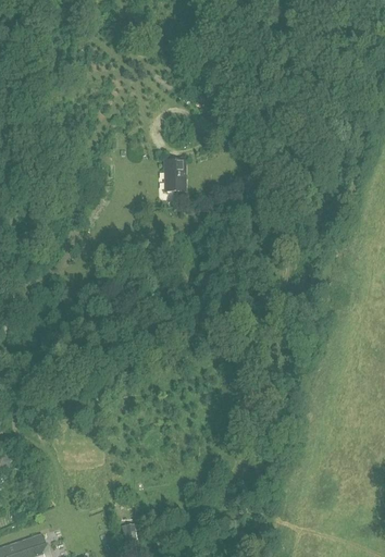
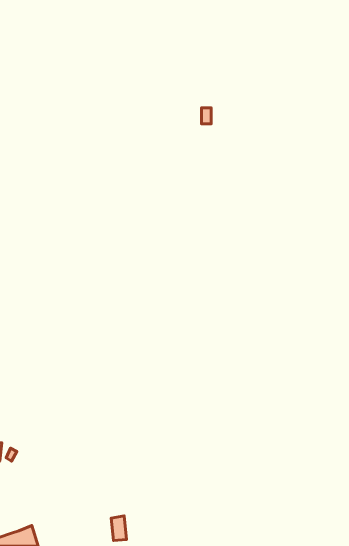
building: [164,162,184,193] -> none

